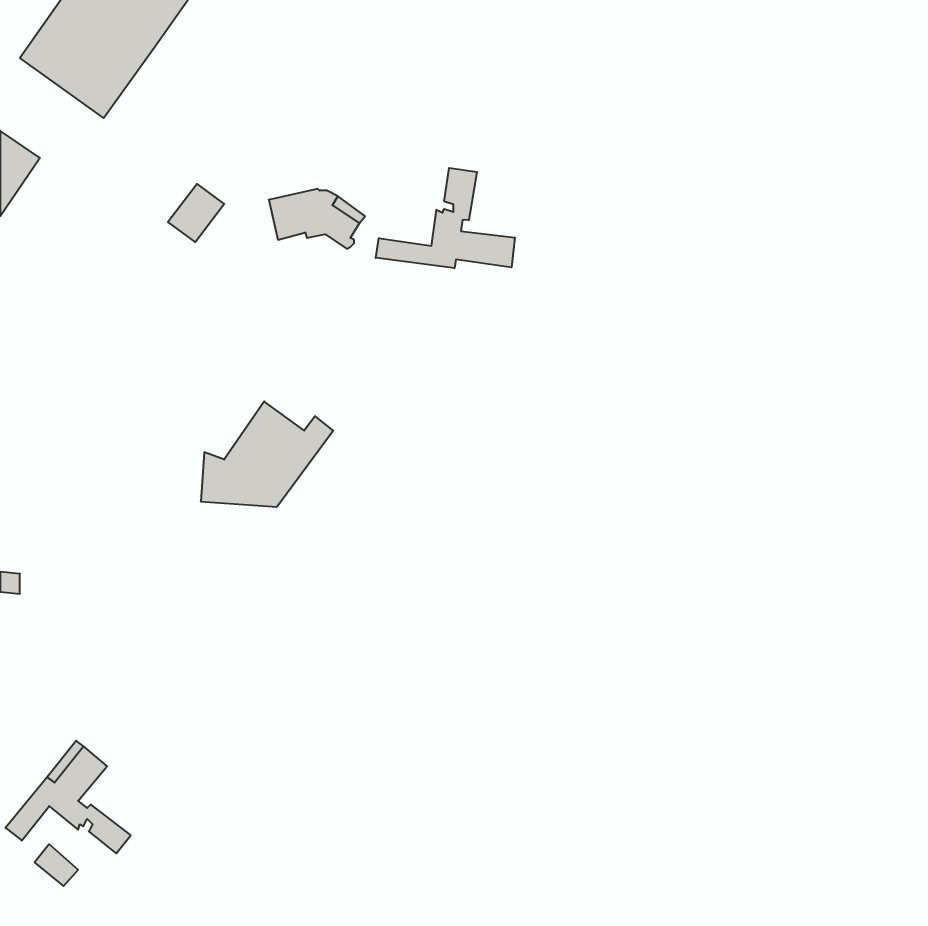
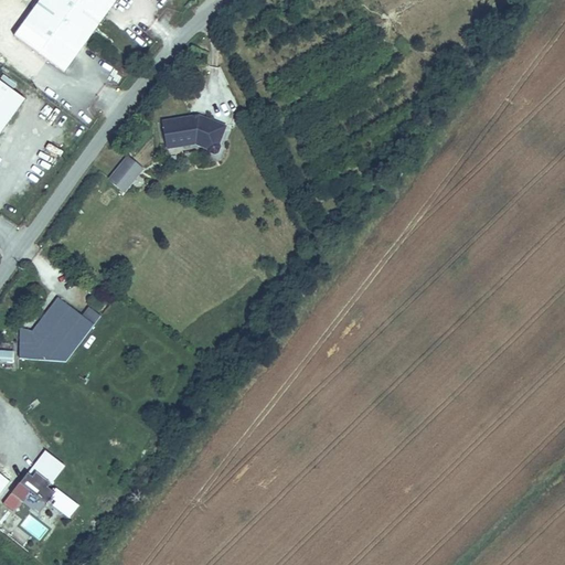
building: [376,168,515,268] -> none
building: [168,184,224,242] -> [108,156,142,191]
building: [201,401,333,507] -> [19,297,99,361]

